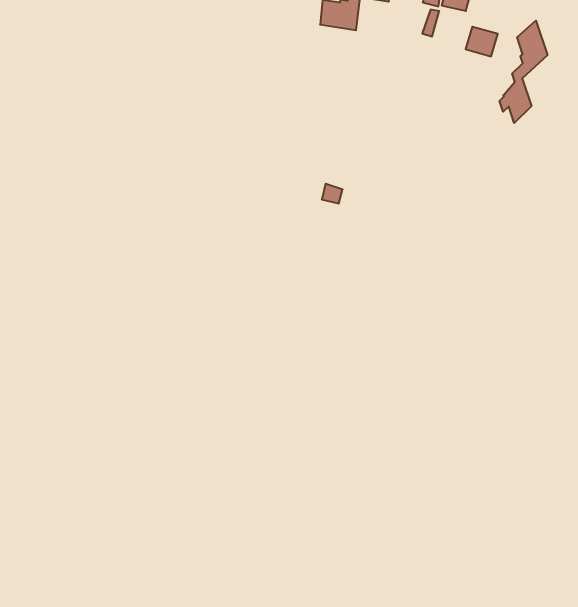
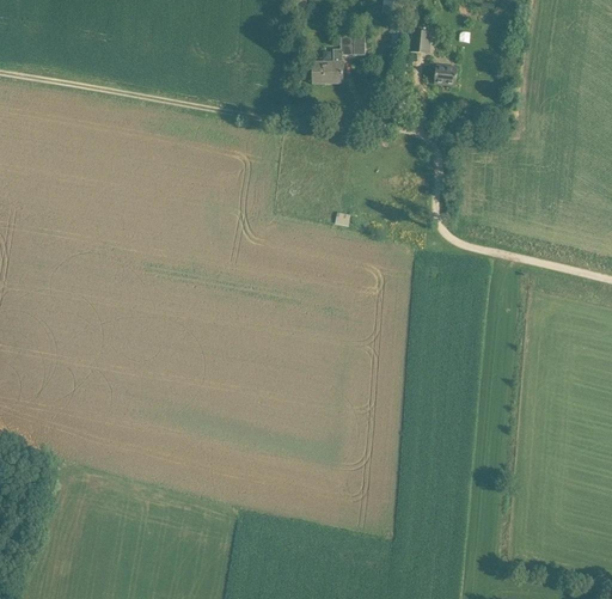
building: [500,21,547,123] -> none

